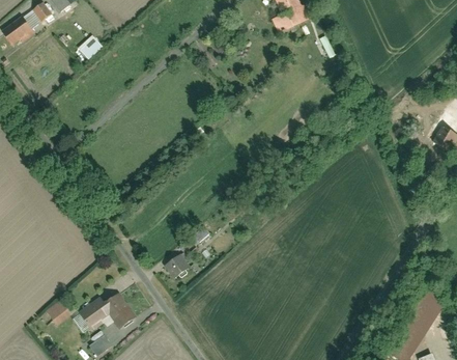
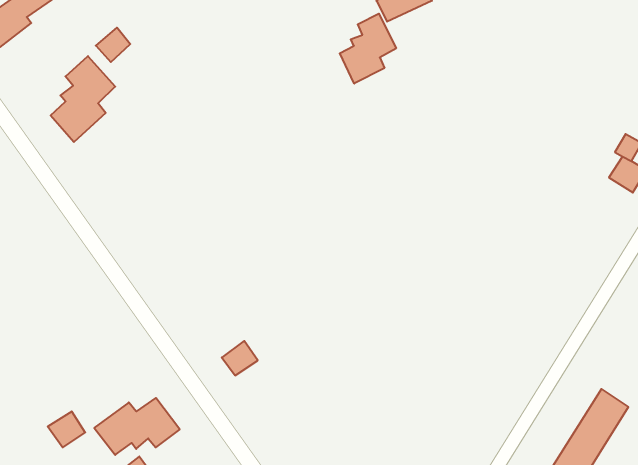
building: none -> [340,14,396,84]
building: none -> [51,56,115,142]

